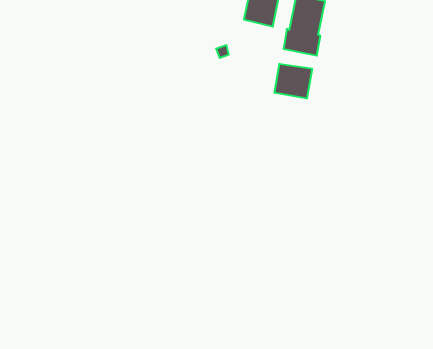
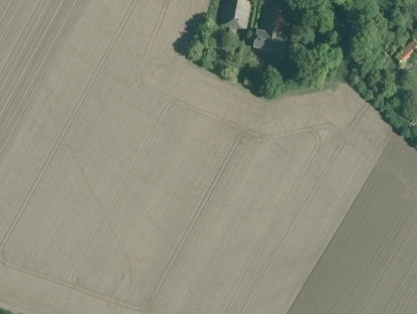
building: [275,64,312,99] -> none

